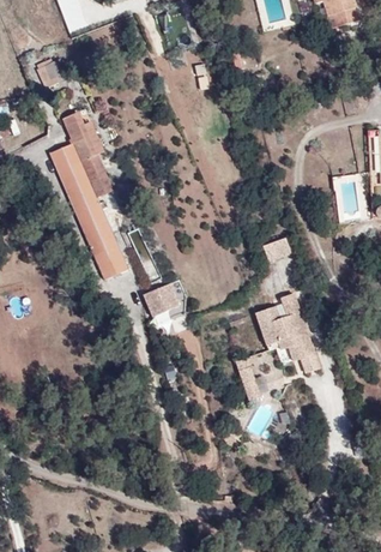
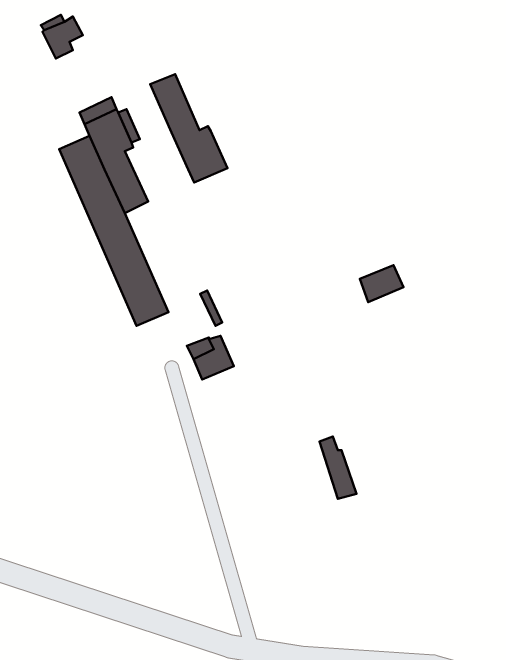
building: none -> [150,74,227,182]
building: [253,293,320,374] -> none

